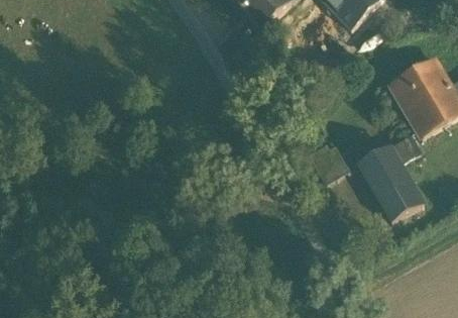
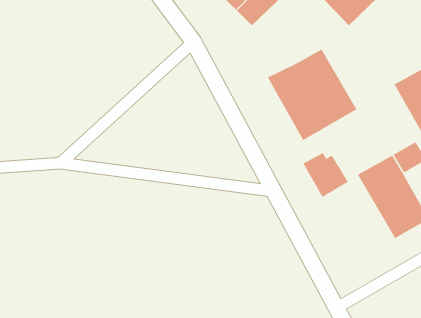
building: none -> [267,49,357,141]

